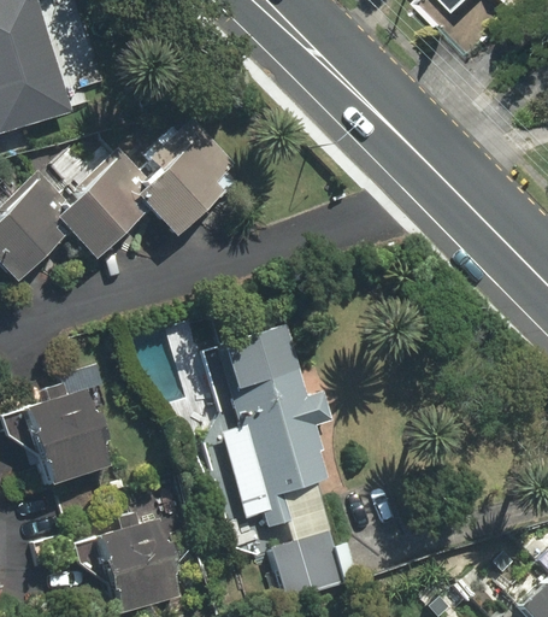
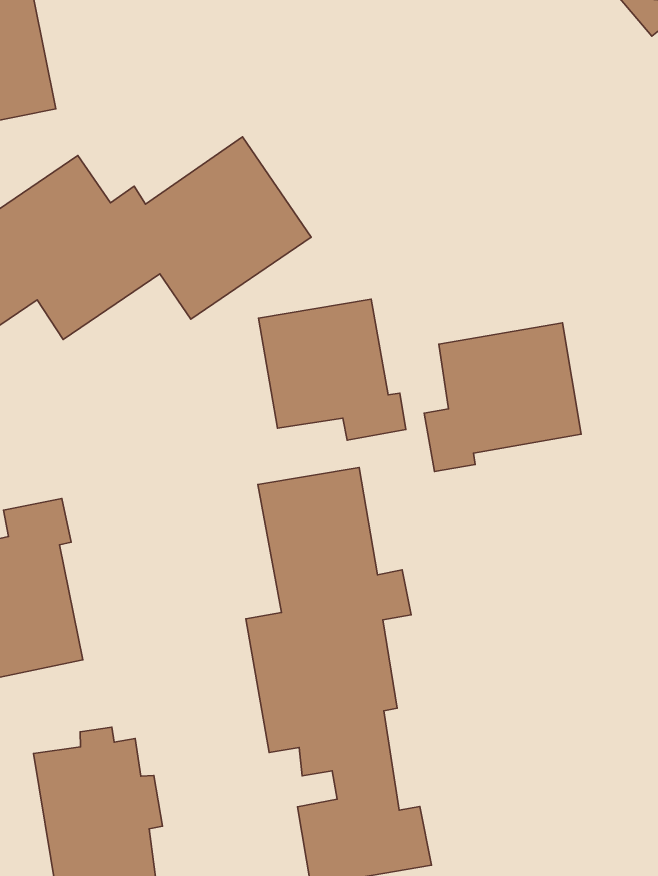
building: none -> [259,299,406,440]
building: none -> [424,323,581,471]

